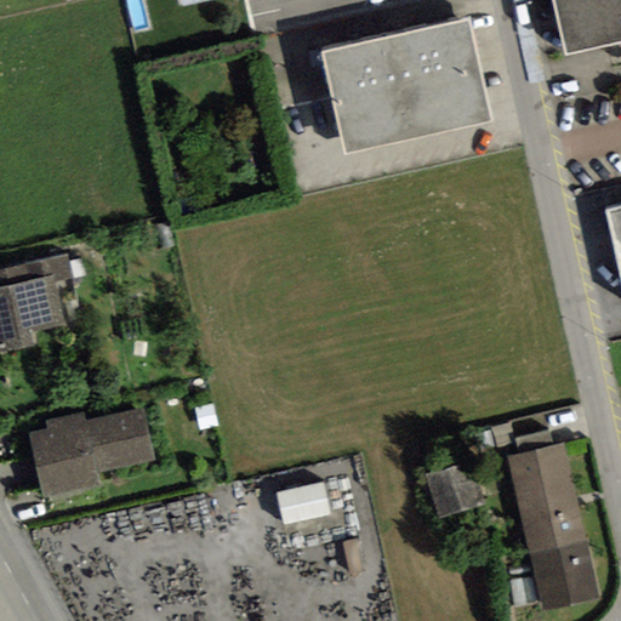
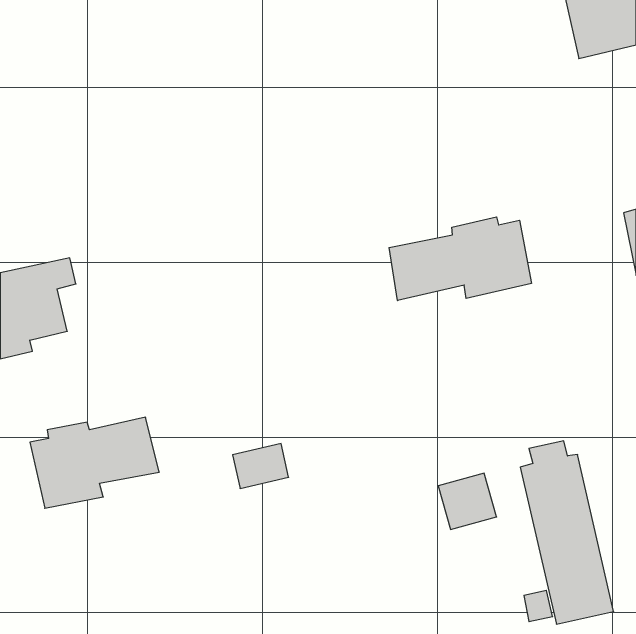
building: [320,18,492,152] -> none
building: none -> [389,217,531,301]
building: [277,480,331,524] -> [233,444,289,488]

